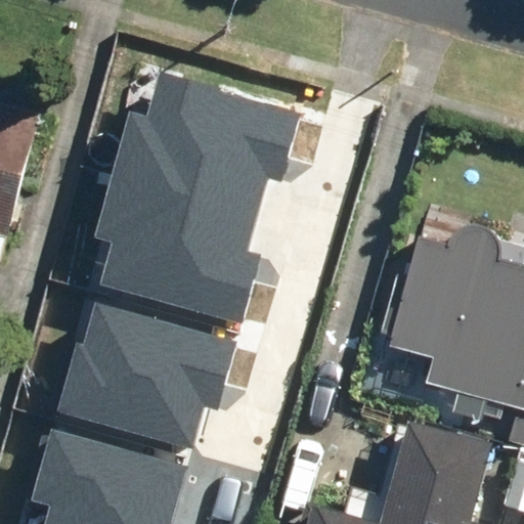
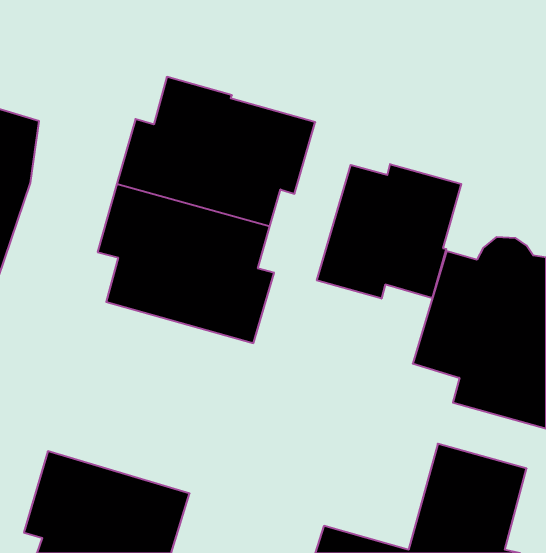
building: none -> [317,164,461,299]
building: [41,303,235,455] -> none

